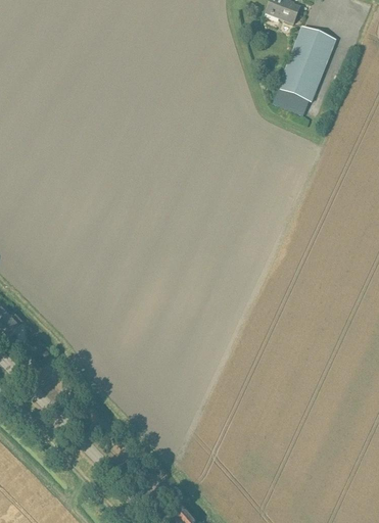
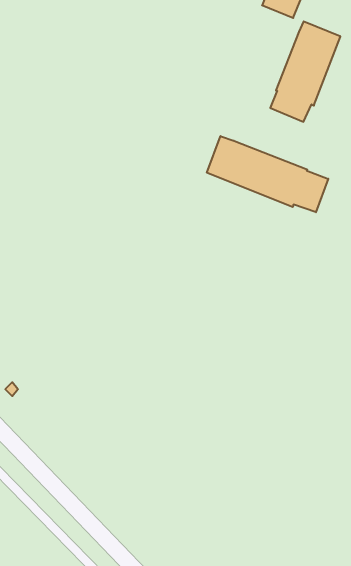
building: none -> [207,136,328,212]

